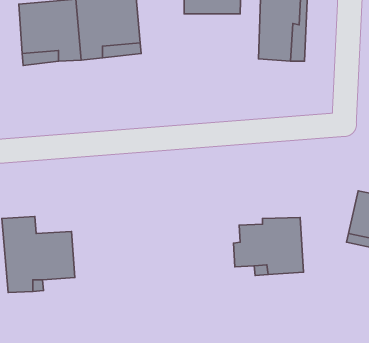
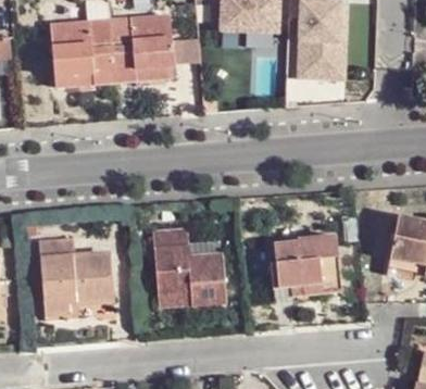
building: none -> [153,230,227,305]

